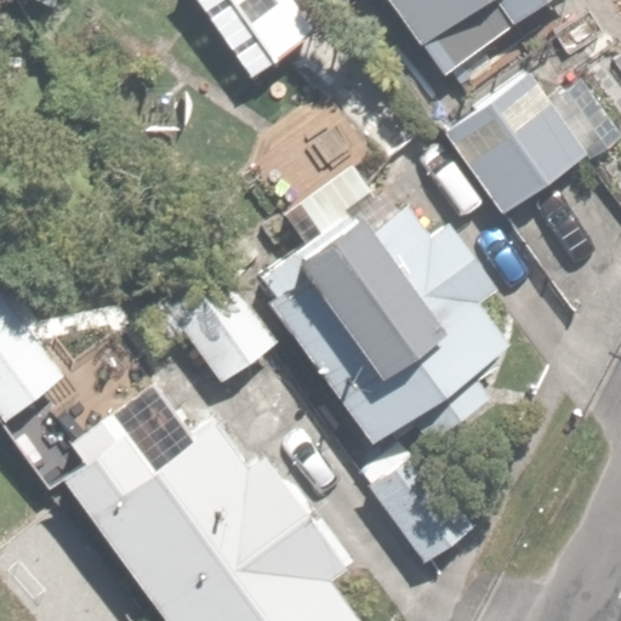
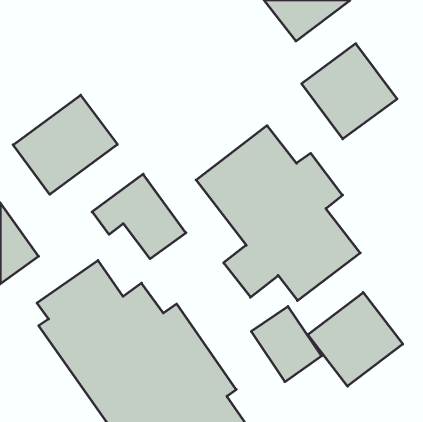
building: none -> [13,95,117,194]
building: none -> [308,292,403,386]

